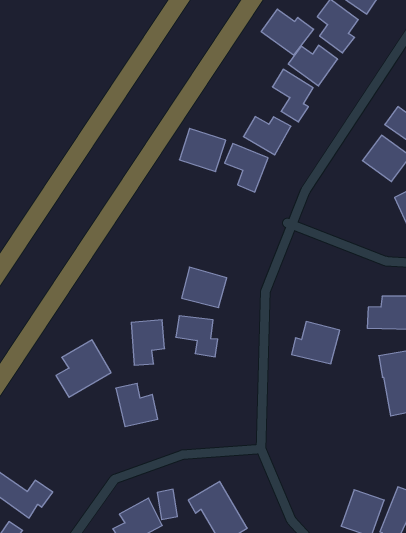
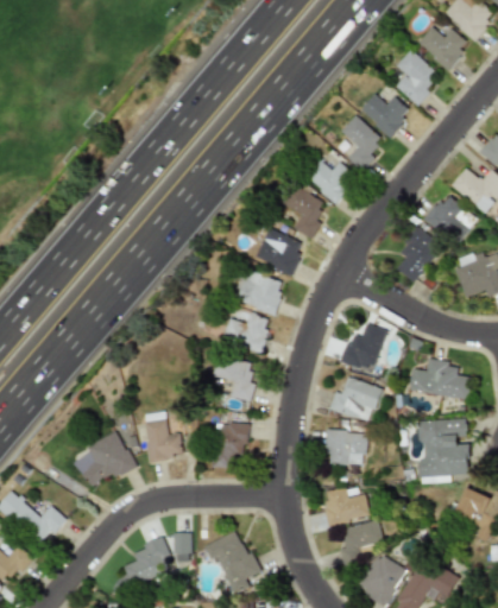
building: [261,9,314,55] -> none
building: [179,128,226,172] -> [254,227,304,274]
building: none -> [396,227,440,281]
building: none -> [242,272,285,316]
building: none -> [342,323,386,370]
building: [131,320,165,365] -> [213,423,247,468]
building: [56,340,111,397] -> [77,431,134,487]
building: none -> [323,430,365,464]
building: none -> [321,486,368,526]
building: none -> [339,519,383,566]

